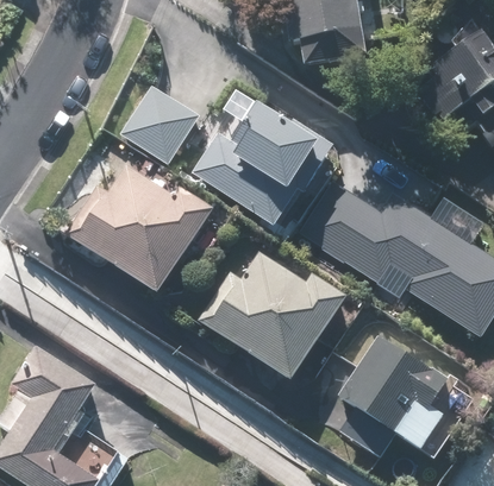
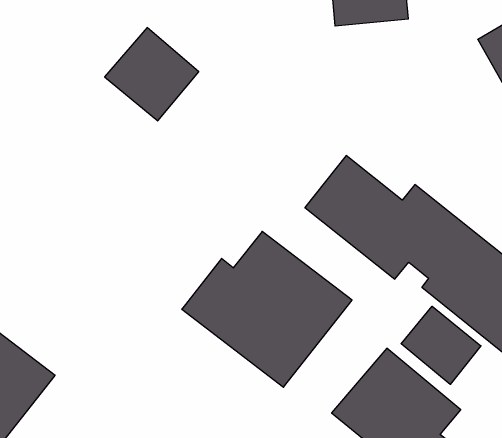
building: [192,105,324,226] -> none
building: [68,157,208,292] -> none
building: none -> [401,306,481,384]

